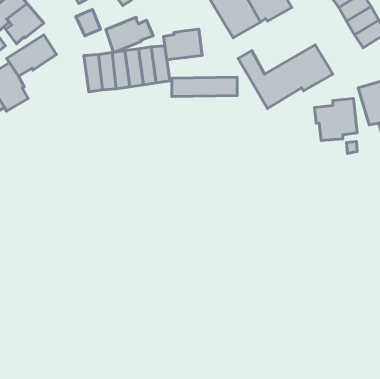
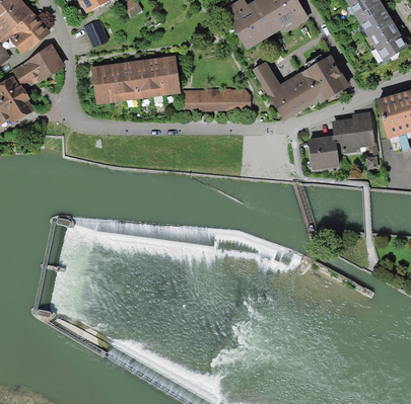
building: [106,17,153,52] -> none
building: [164,29,202,60] -> none
building: none -> [307,137,339,171]

